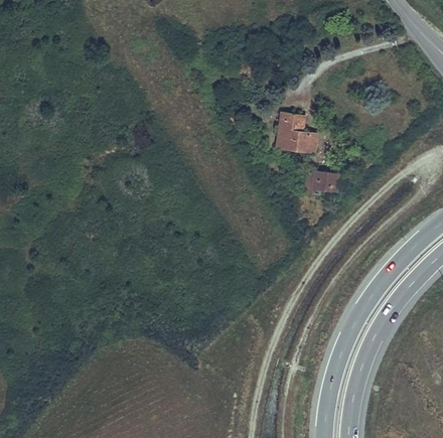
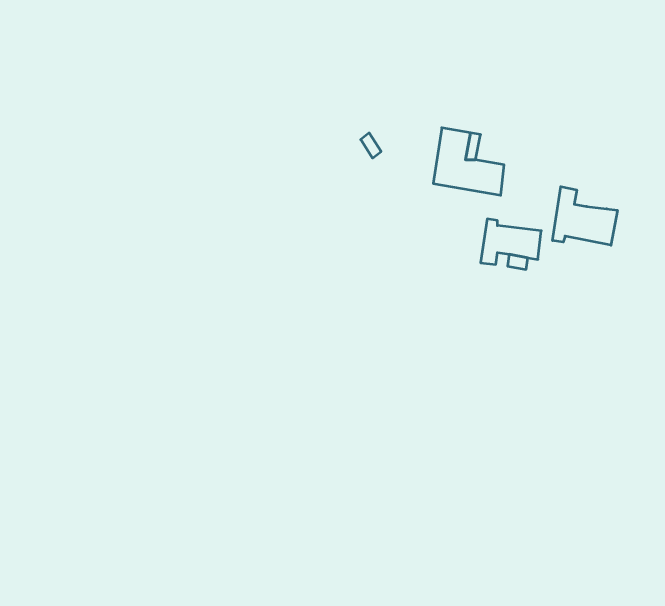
building: none -> [553,187,617,245]

